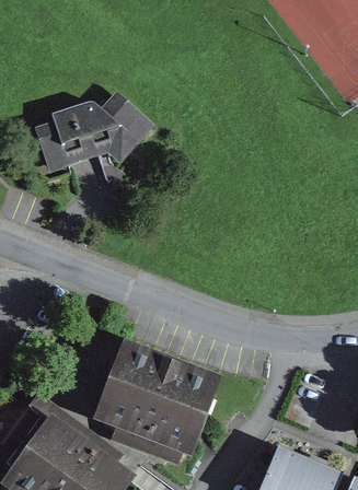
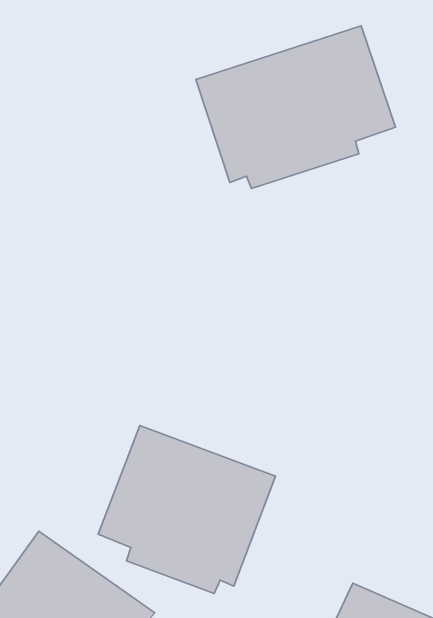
building: none -> [196,26,396,189]
building: [28,96,158,176] -> none

